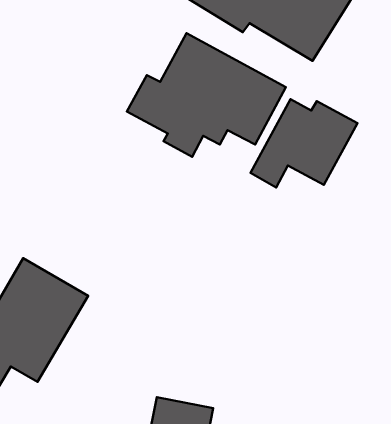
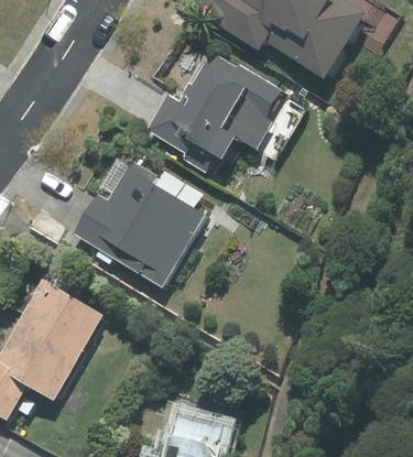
building: [250,99,357,188] -> none
building: none -> [72,161,209,289]

